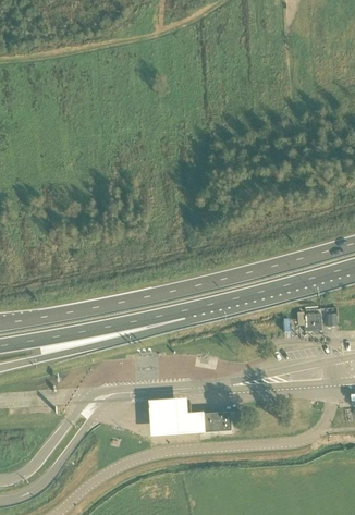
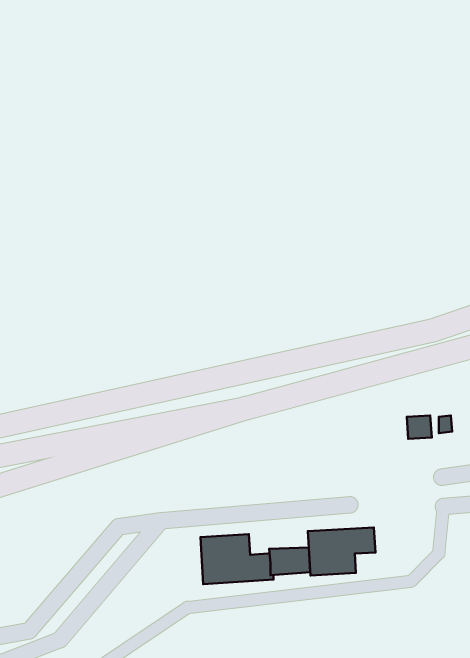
building: none -> [308,528,375,576]

